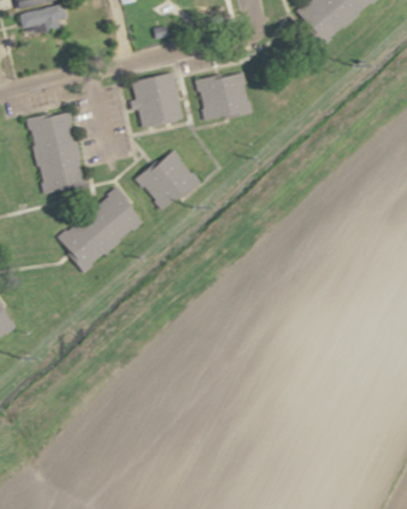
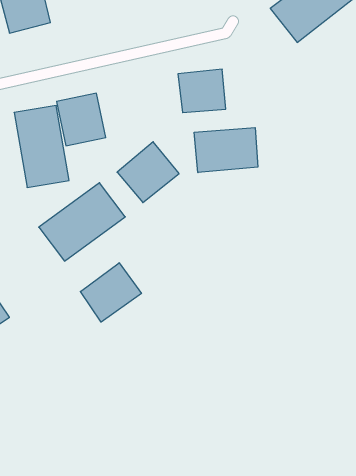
building: [132,71,183,125] -> [57,93,106,146]
building: none -> [194,128,258,173]
building: none -> [80,263,141,322]

